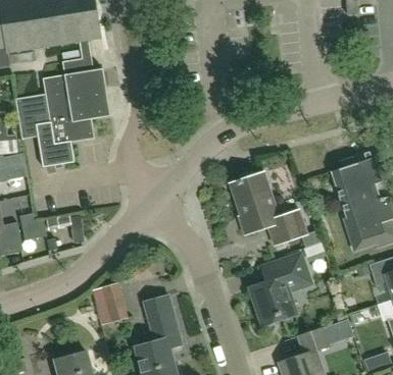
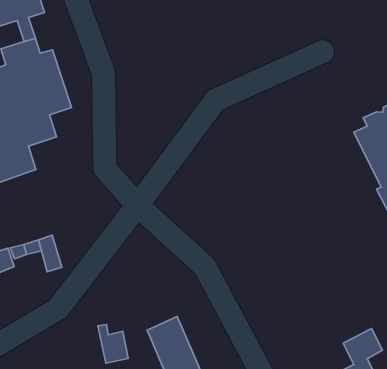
building: [230,172,322,255] -> none
building: [251,254,310,324] -> none

